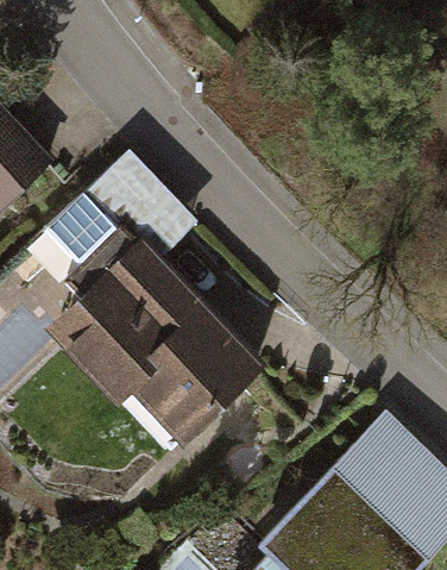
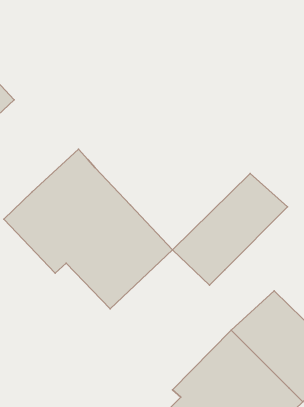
building: [48,151,195,288] -> none
building: none -> [172,174,288,285]

